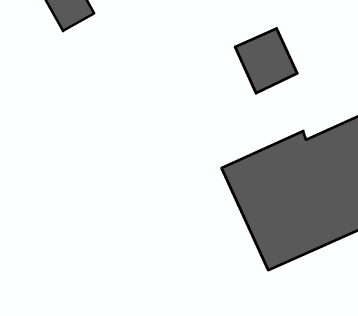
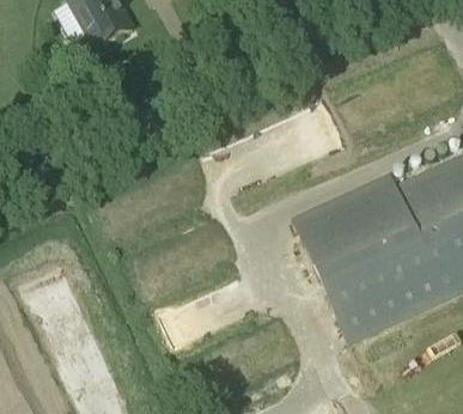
building: [235,28,297,93] -> none

